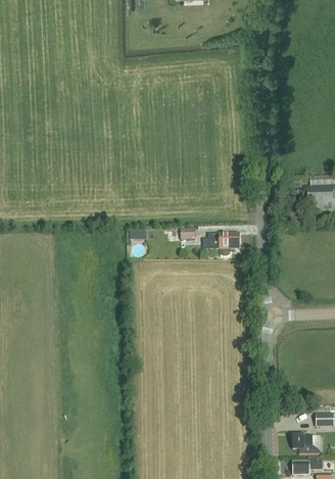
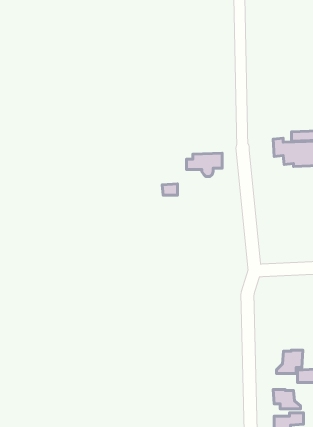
building: [202,232,238,255] -> [187,153,222,176]
building: none -> [277,350,303,374]

